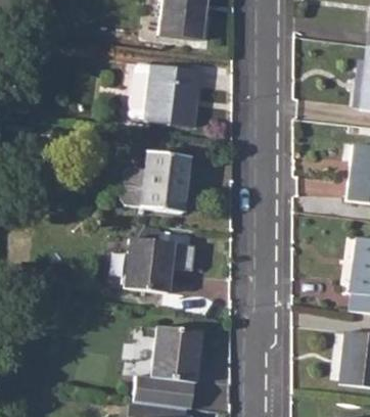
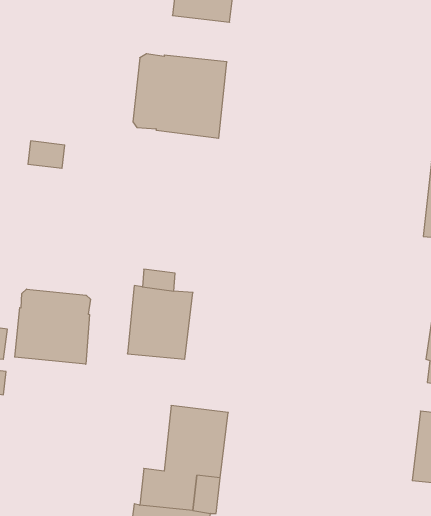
building: [122,150,189,212] -> none
building: none -> [15,289,90,364]

